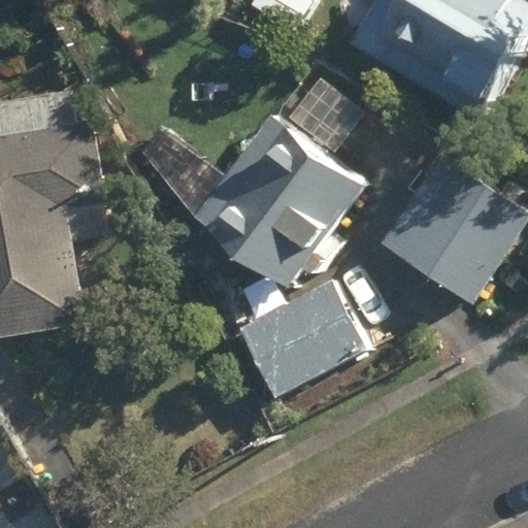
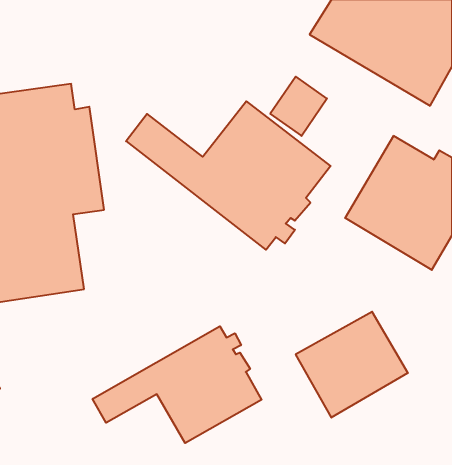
building: [248,280,374,400] -> [296,312,408,418]
building: none -> [93,326,262,443]

